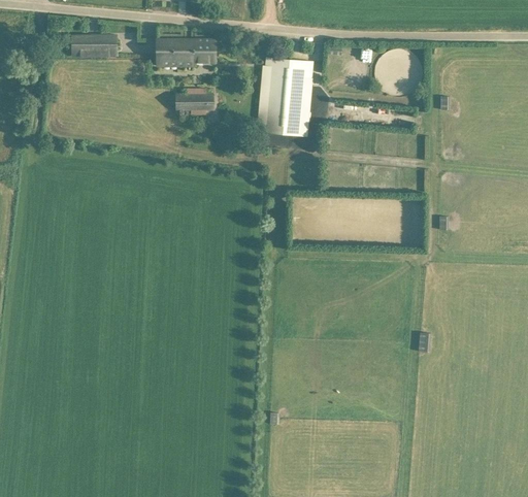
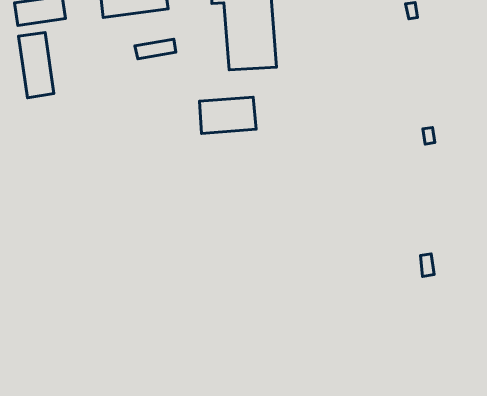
building: none -> [18,33,54,98]
building: none -> [200,97,256,133]

